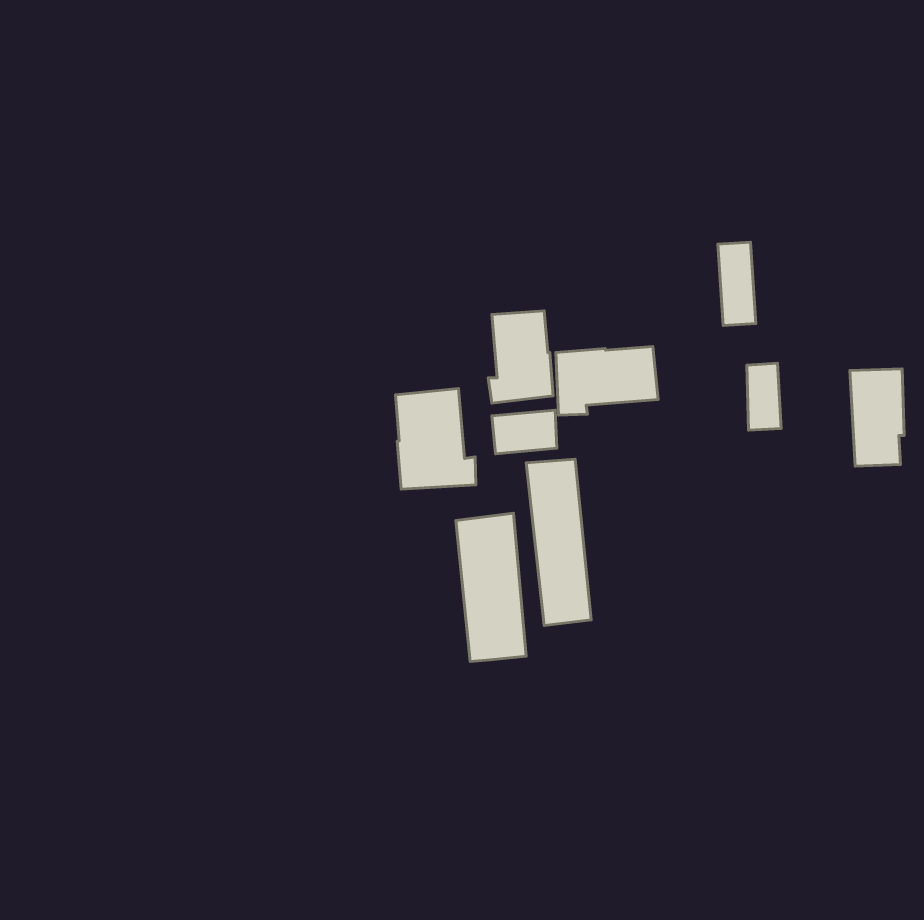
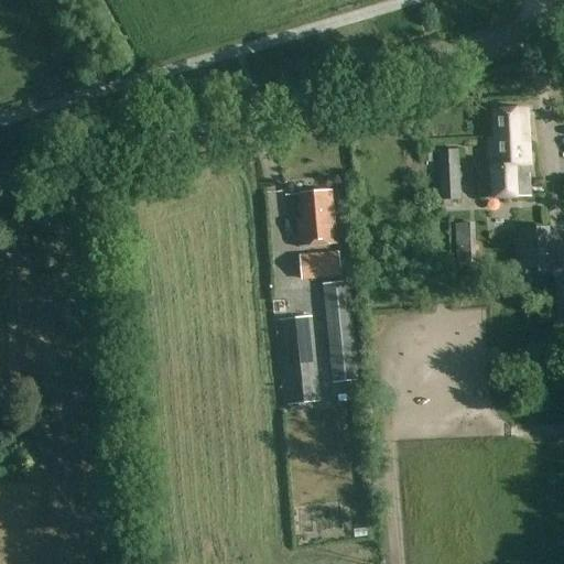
building: none -> [477,108,531,196]
building: [556,346,658,415] -> none
building: [395,389,476,489] -> none

